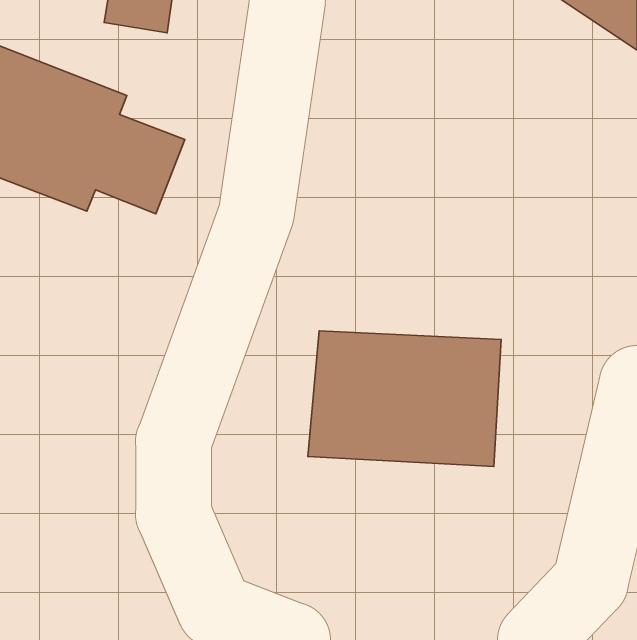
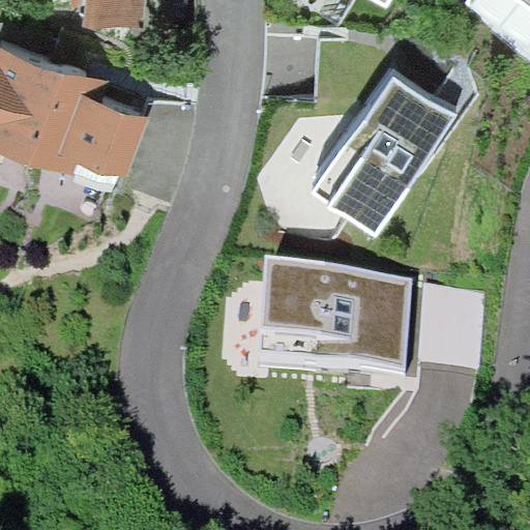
building: none -> [310,71,450,229]

